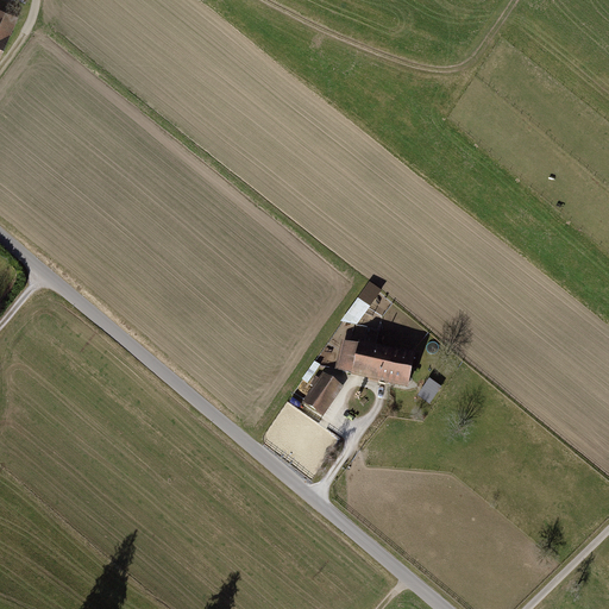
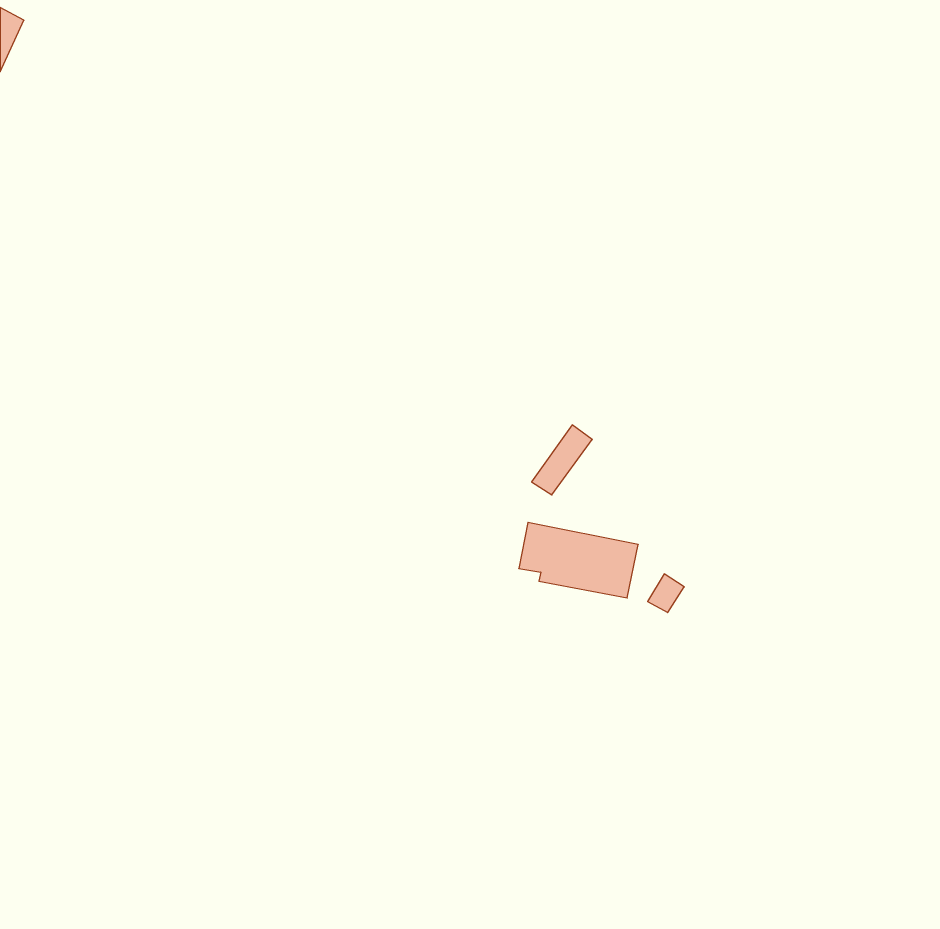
building: [303,371,340,412] -> none

